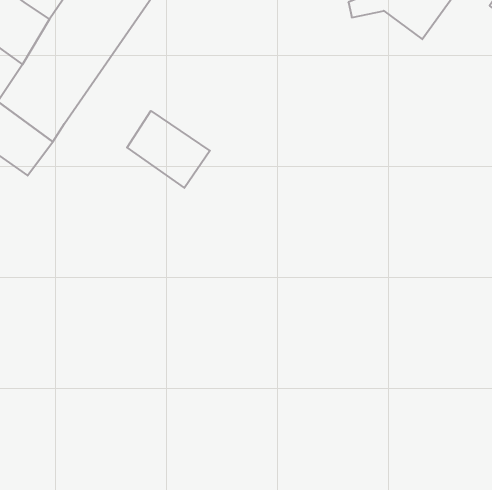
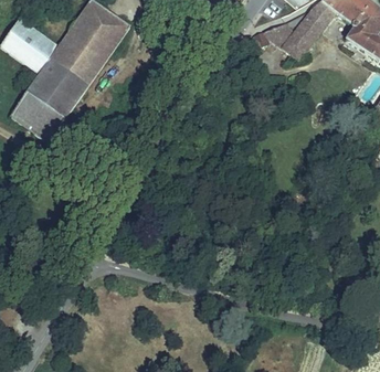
building: [127,111,210,188] -> none

